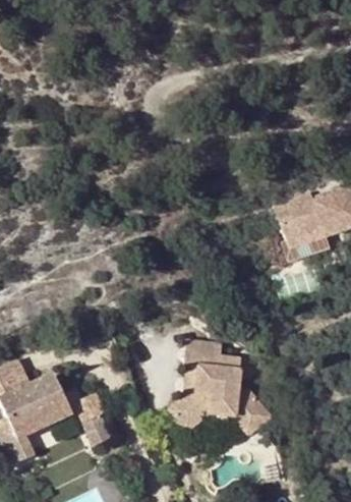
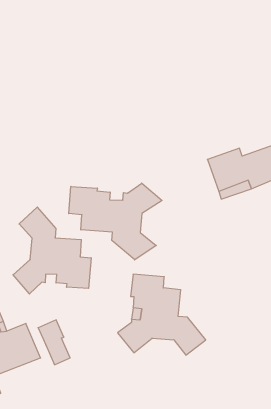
building: none -> [69,183,162,260]
building: none -> [13,207,91,294]

